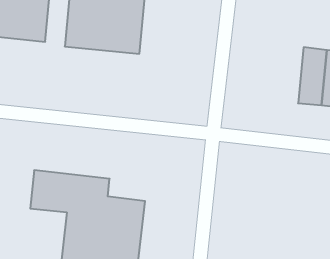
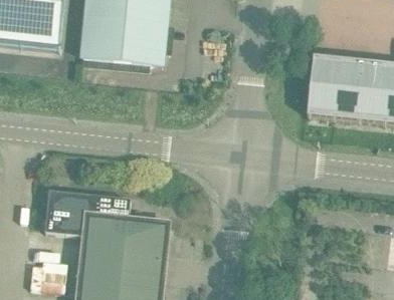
building: none -> [307,54,339,117]

